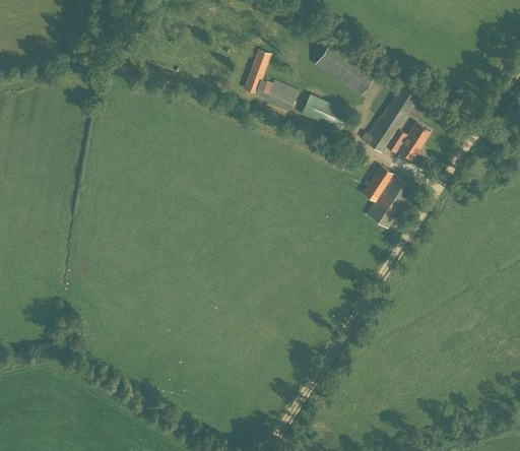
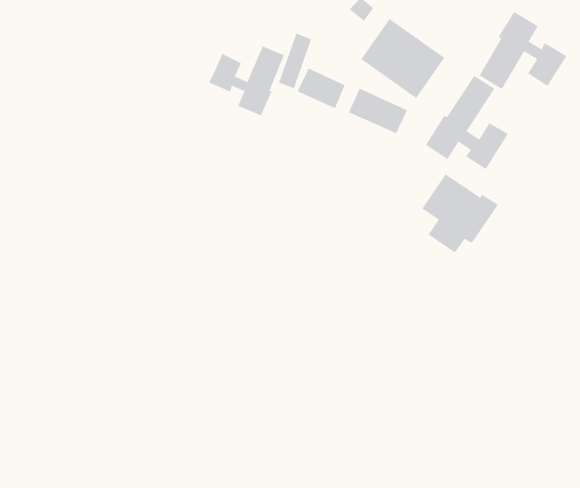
building: none -> [479,11,567,90]
building: none -> [209,45,284,116]

